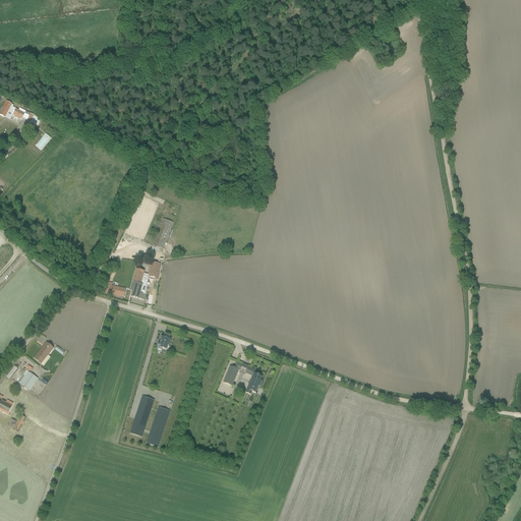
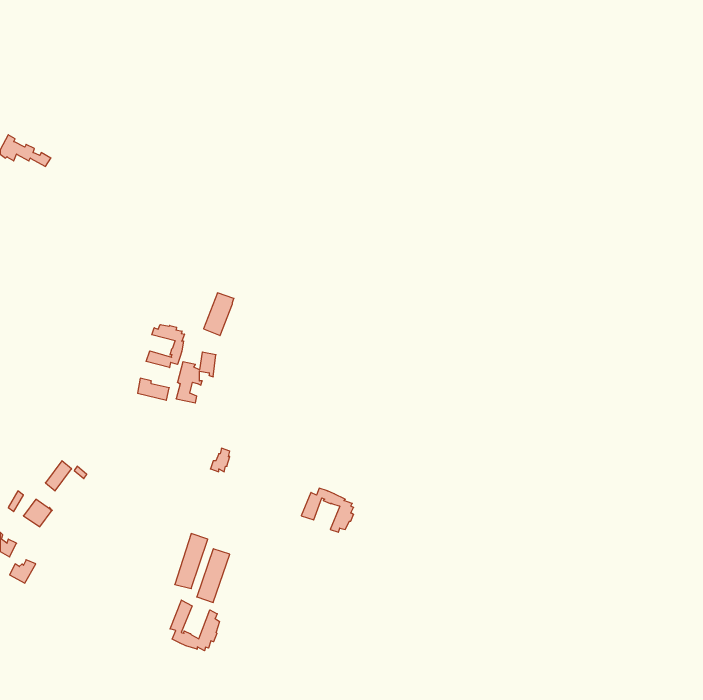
building: none -> [146,325,184,368]
building: none -> [170,600,220,651]

